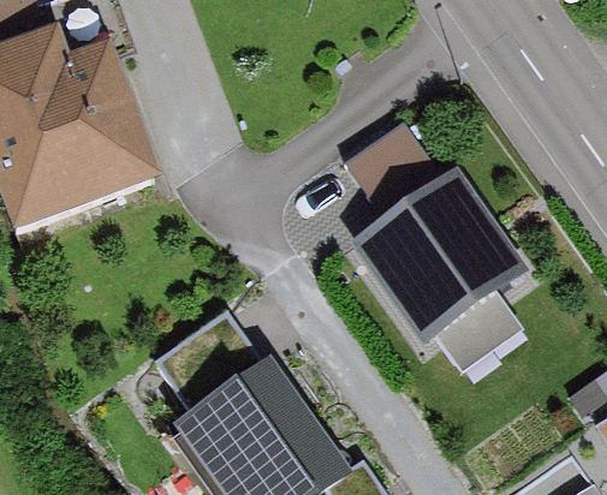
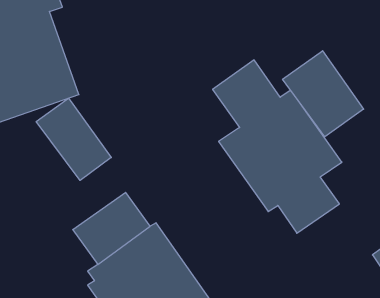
building: none -> [283,51,364,137]
building: none -> [36,98,111,180]

